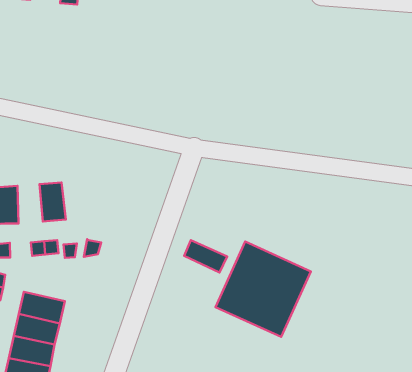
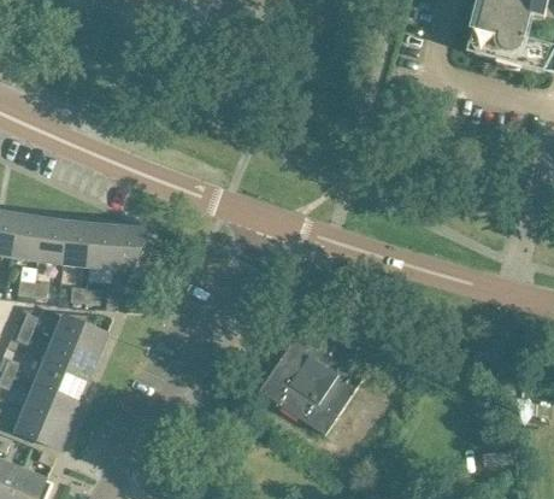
building: none -> [113,225,148,268]
building: none -> [61,221,92,264]
building: [184,240,227,273] -> none
building: none -> [54,312,106,354]

